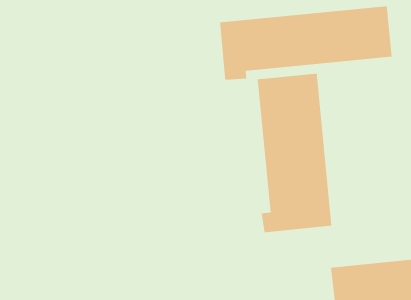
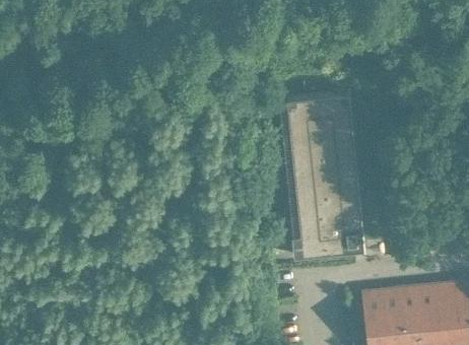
building: [219,5,392,80] -> none

